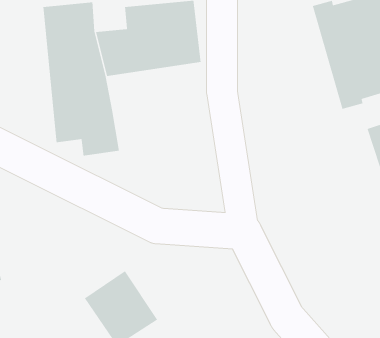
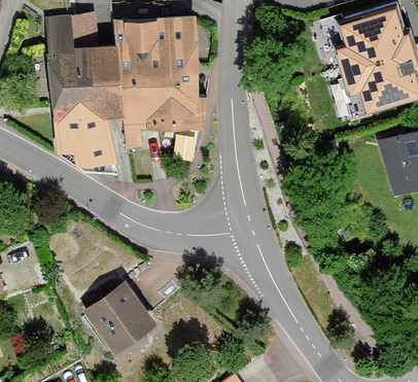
building: none -> [107,74,205,134]

